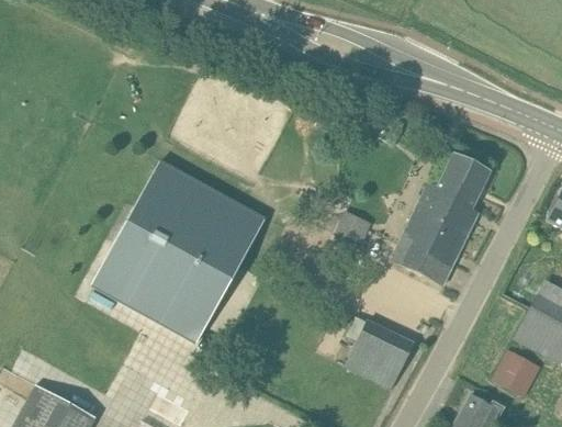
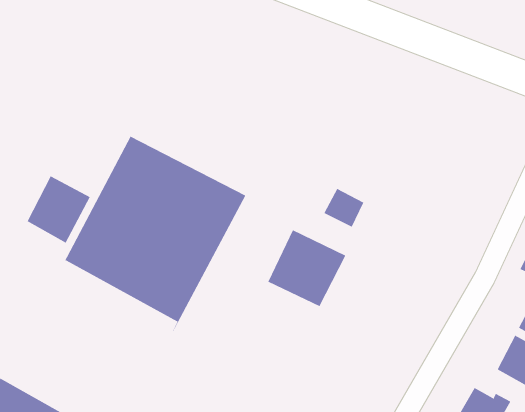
building: [390,155,491,286] -> none
building: none -> [27,176,91,243]
building: [344,319,416,391] -> [267,229,346,307]

